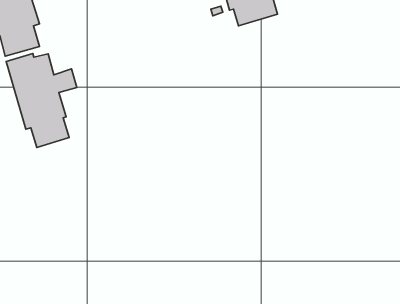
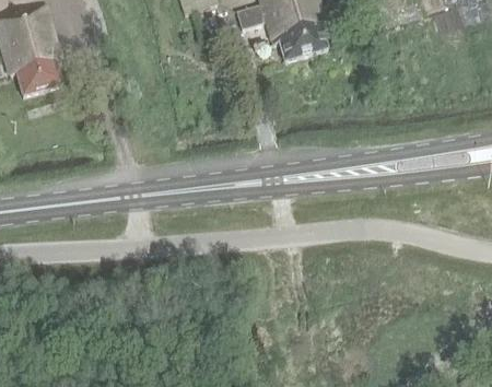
building: [6,54,77,147] -> none

